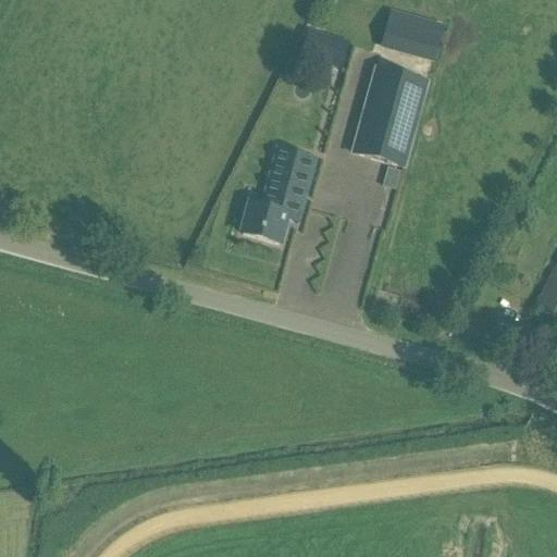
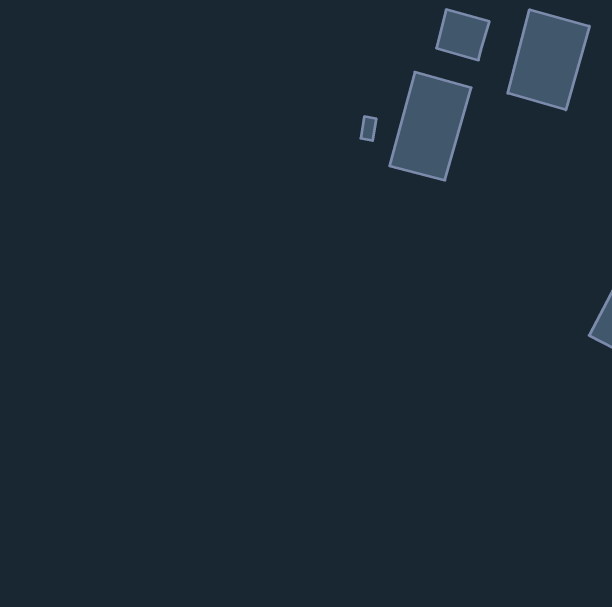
building: none -> [508,10,589,110]
building: [245,146,315,239] -> none

